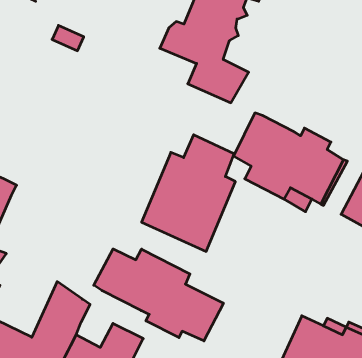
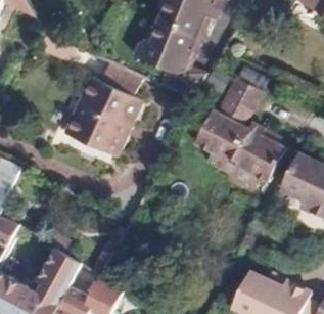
building: none -> [218,77,261,123]
building: [142,135,235,251] -> [66,61,142,155]
building: [94,249,223,341] -> none

